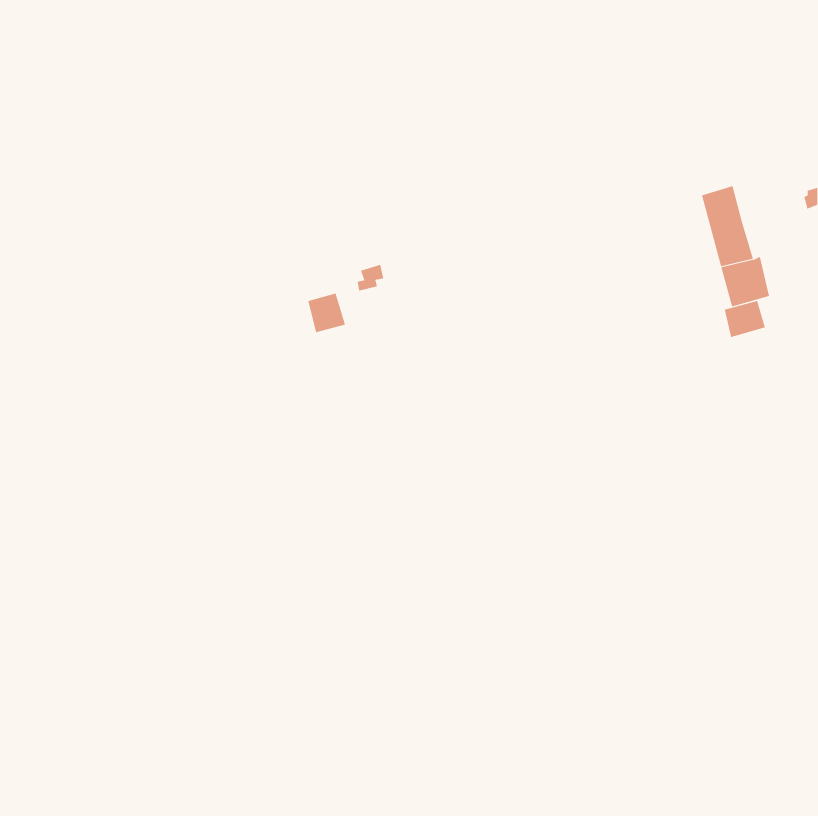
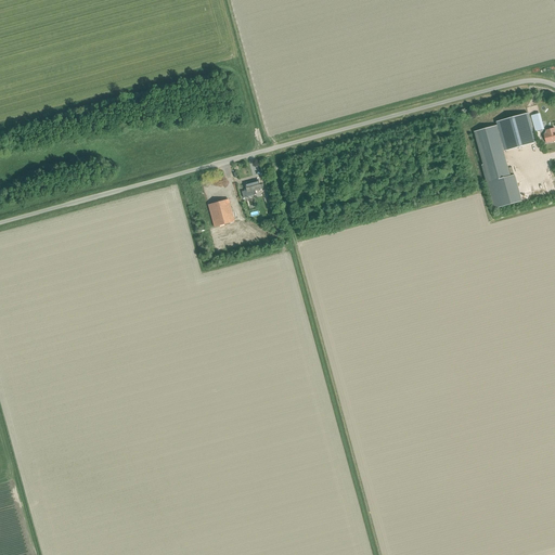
building: none -> [496,113,535,151]
building: [724,300,766,338] -> none

